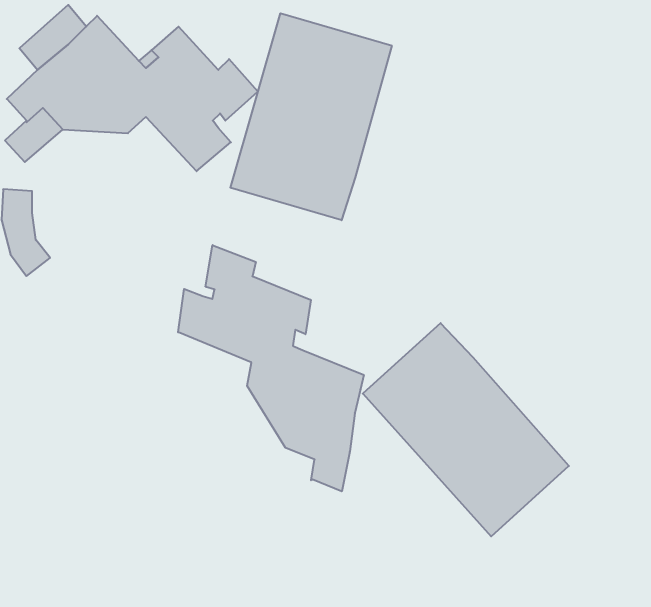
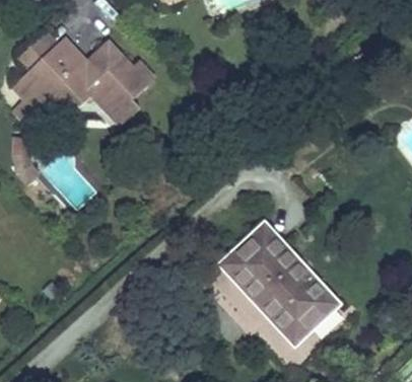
building: [230,13,392,220] -> none
building: [178,245,364,491] -> none

